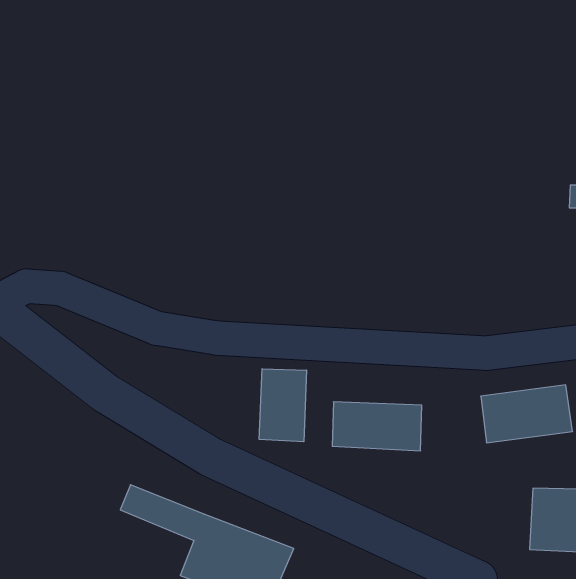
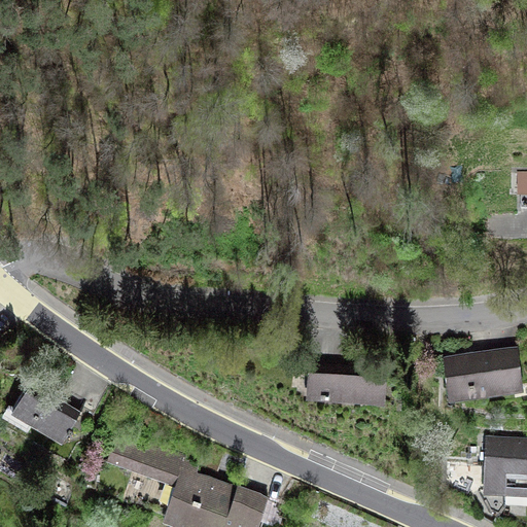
building: [259,369,307,442] -> none
building: none -> [7,383,77,444]

